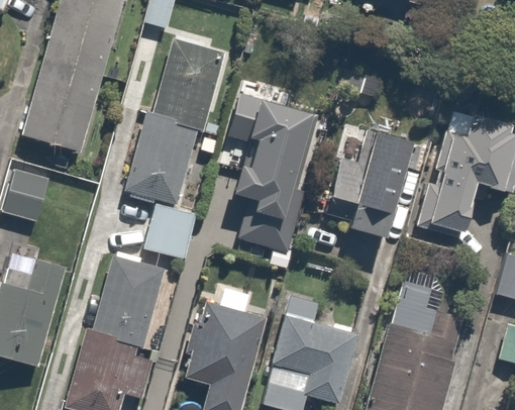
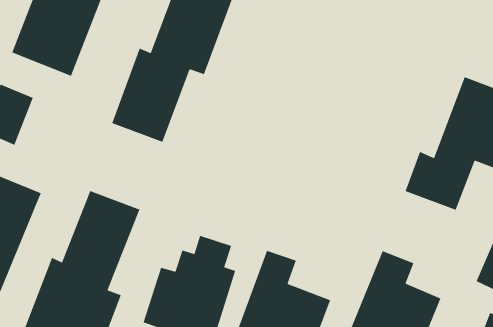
building: [230,100,323,251] -> none
building: [327,127,426,238] -> none
building: [144,203,195,259] -> none

